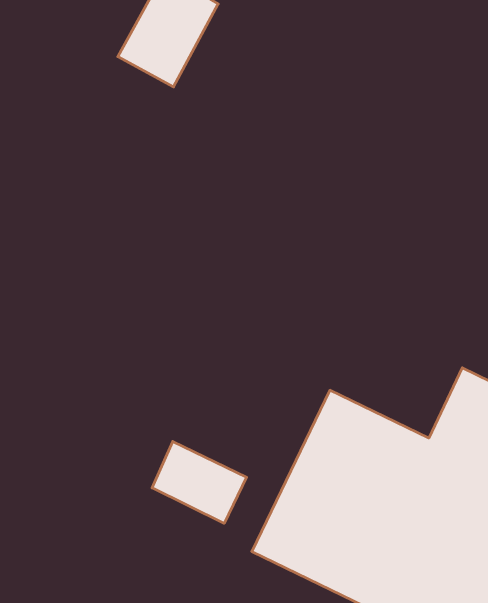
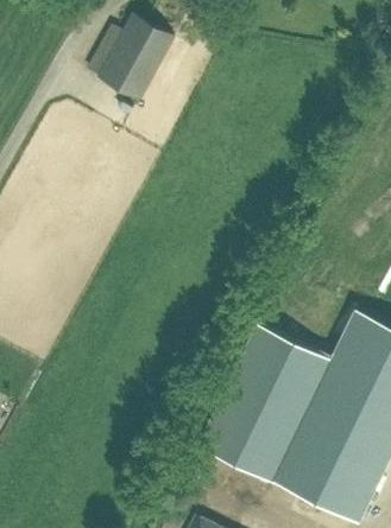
building: [152,441,247,523] -> none

